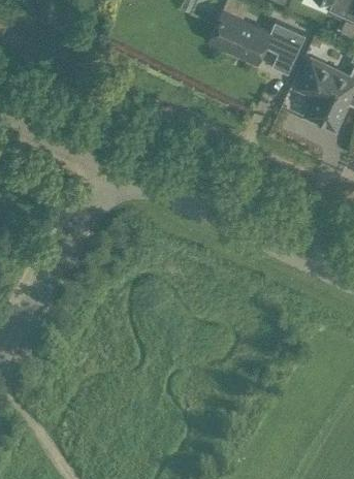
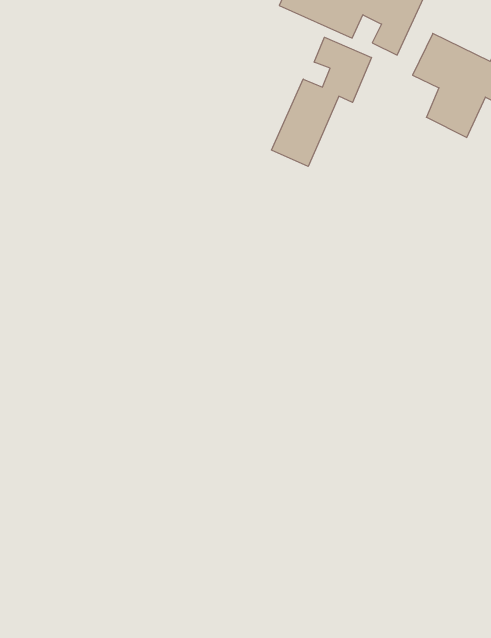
building: none -> [272,37,371,166]

